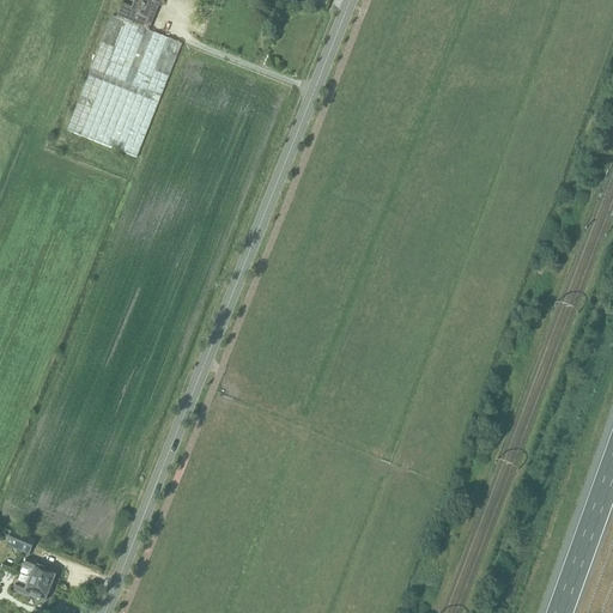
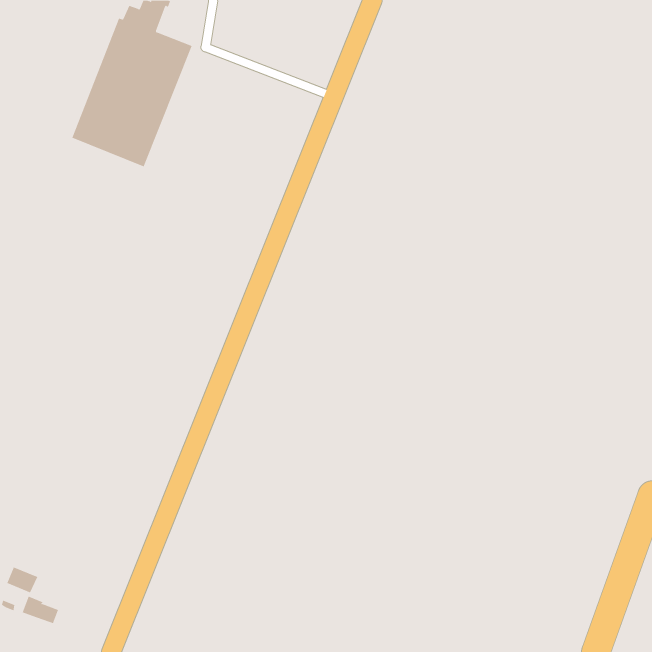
building: [14,575,50,600] -> none

